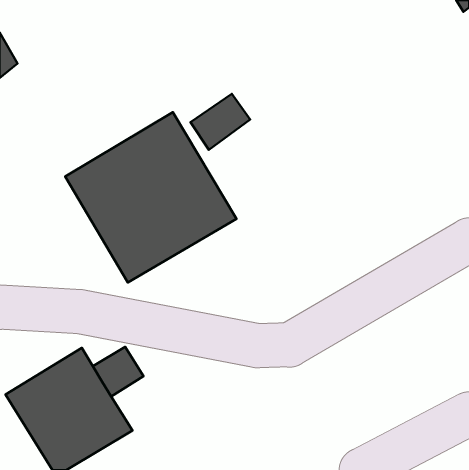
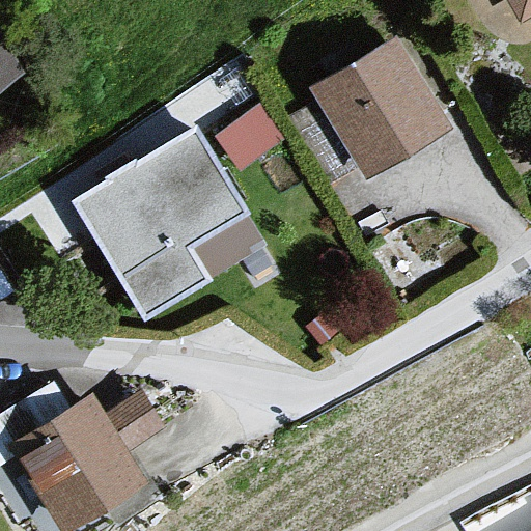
building: none -> [309,35,452,181]

